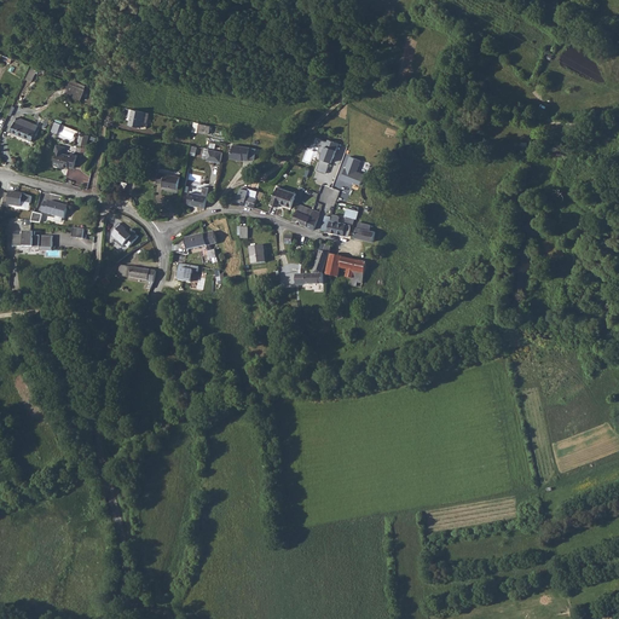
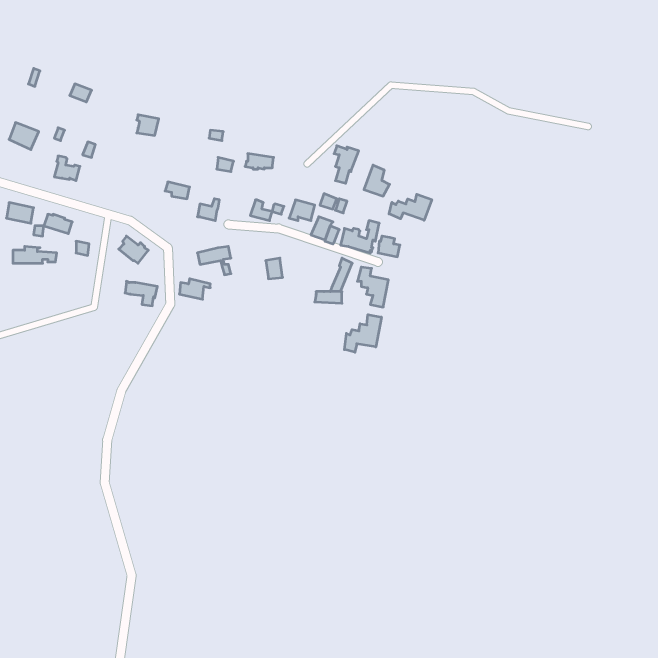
building: none -> [389,194,432,220]
building: none -> [344,315,381,352]

